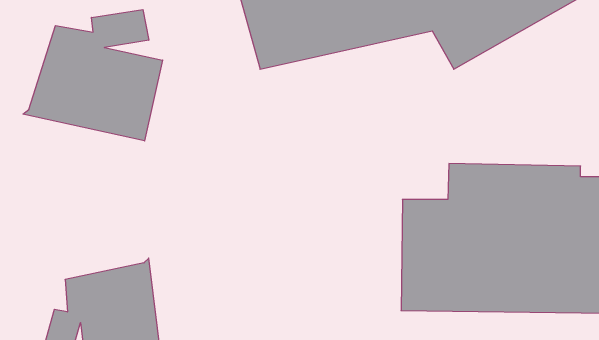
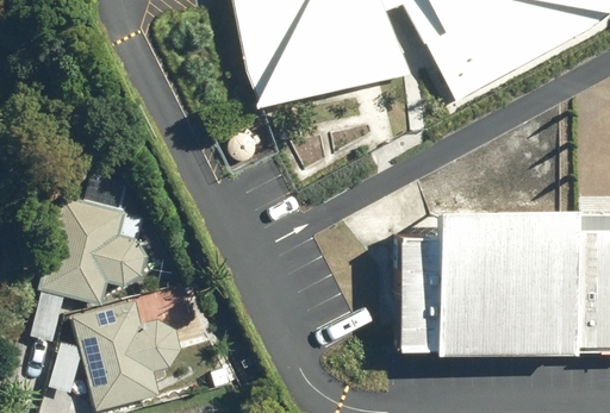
building: [23,10,163,141] -> none
building: none -> [31,196,147,340]

